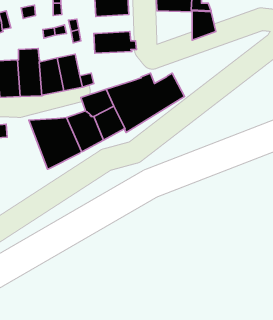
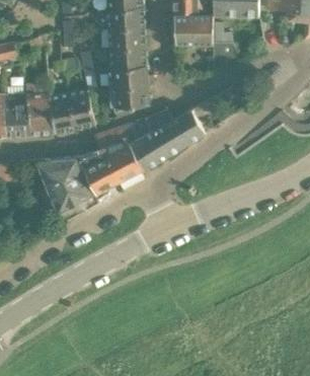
building: none -> [109,47,146,67]
building: none -> [108,86,149,118]

